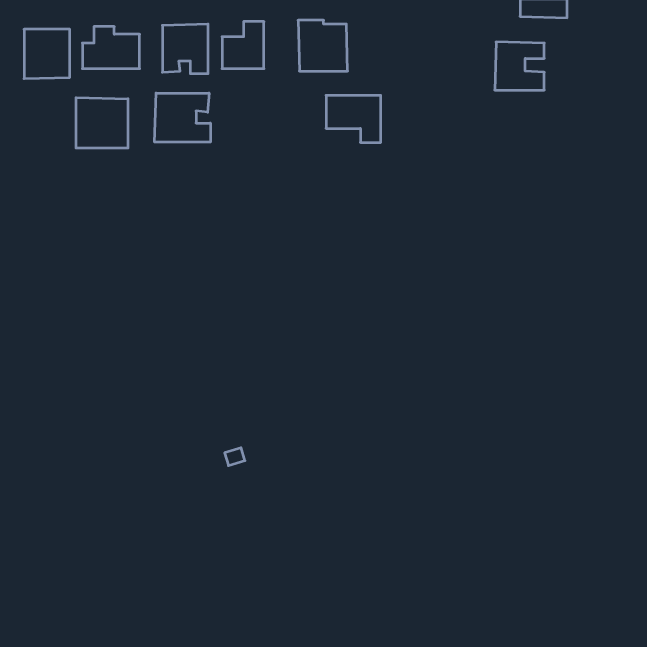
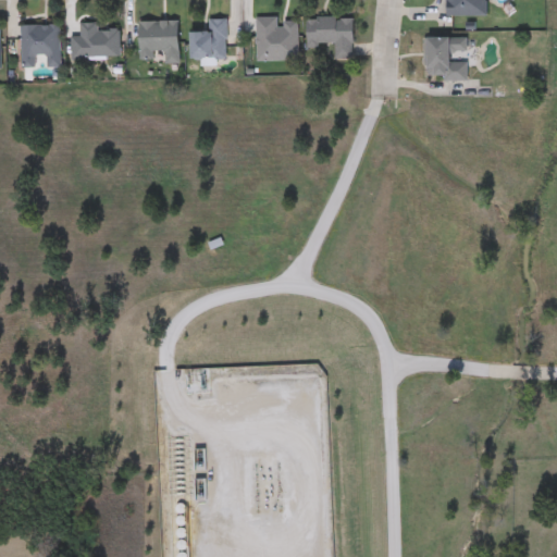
building: [155,93,210,142] -> none
building: [326,95,381,142] -> [306,17,352,58]
building: [76,98,128,148] -> none

